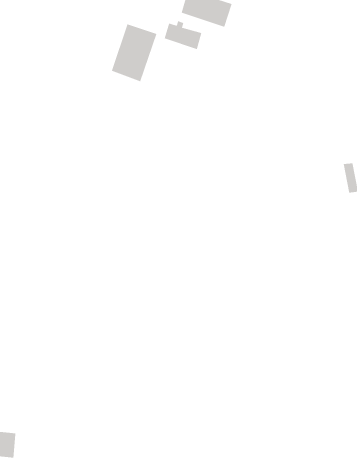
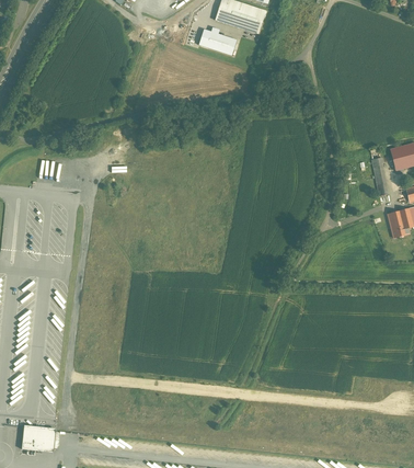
building: [111,23,157,82] -> none

